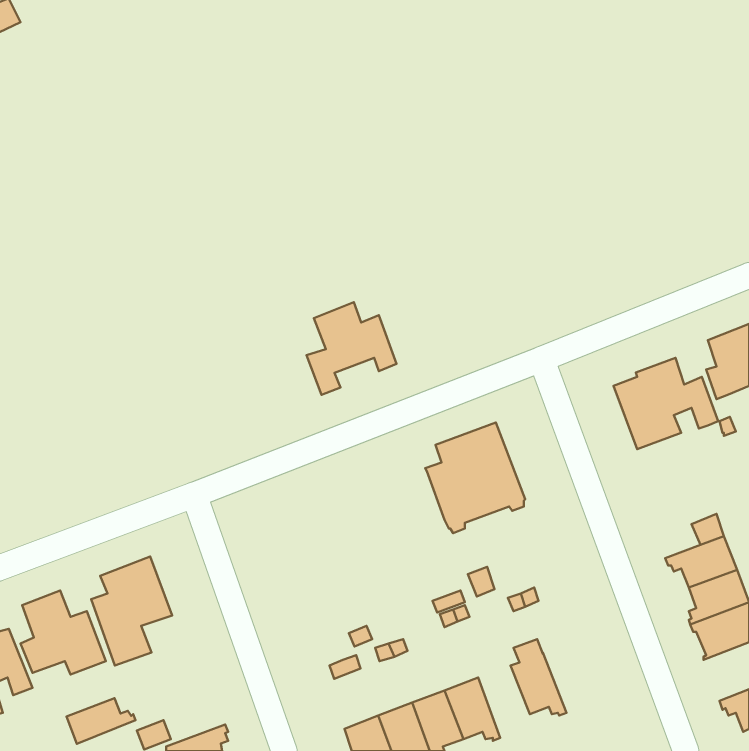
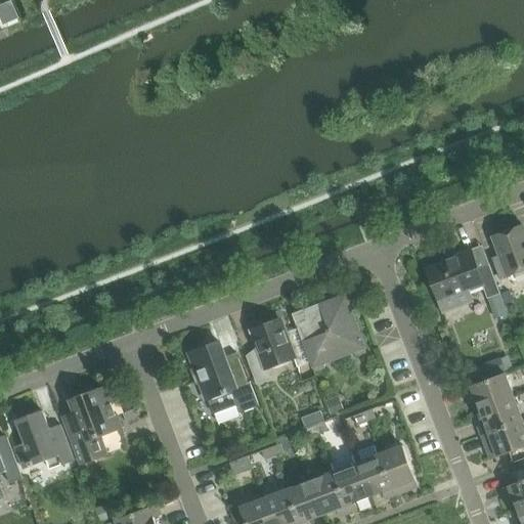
building: [307,302,396,395] -> [247,318,309,383]
building: none -> [188,342,257,413]
building: none -> [378,444,418,495]
building: none -> [330,454,368,513]
building: [66,698,136,744] -> none

